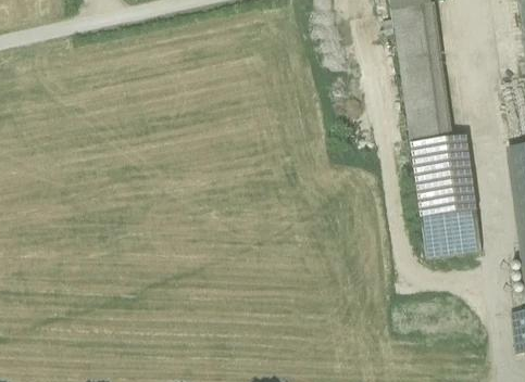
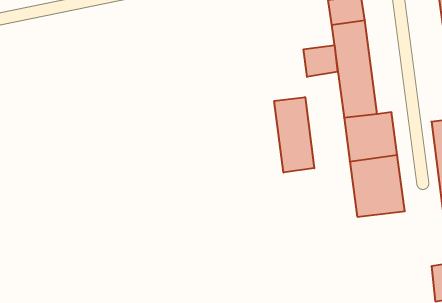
building: none -> [304,45,337,77]
building: none -> [274,97,314,173]

